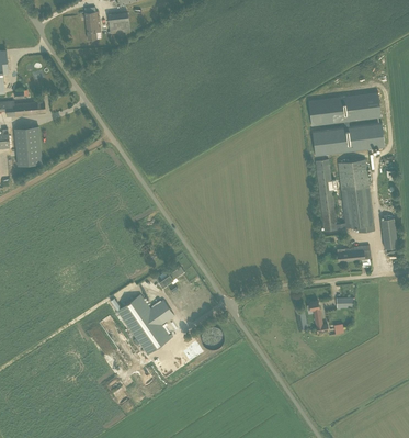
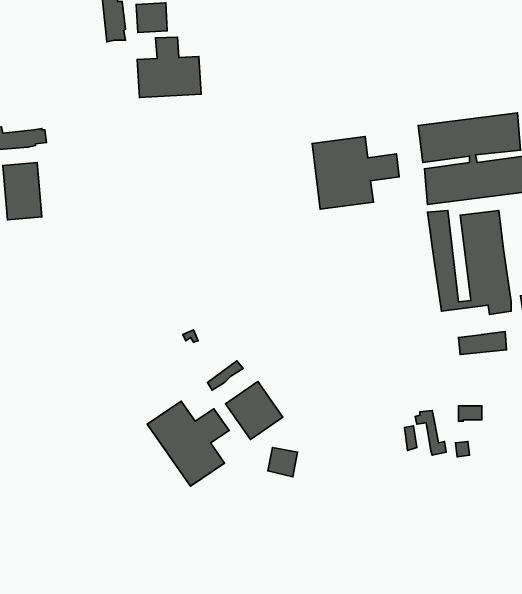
building: none -> [137,37,201,98]
building: none -> [312,137,399,209]
building: none -> [226,381,283,439]

